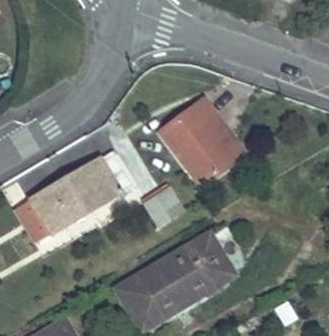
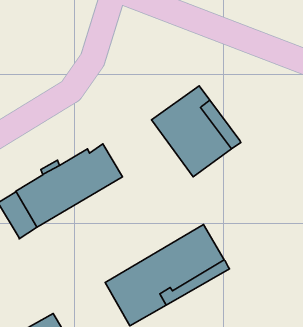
building: [141,189,181,227] -> none

